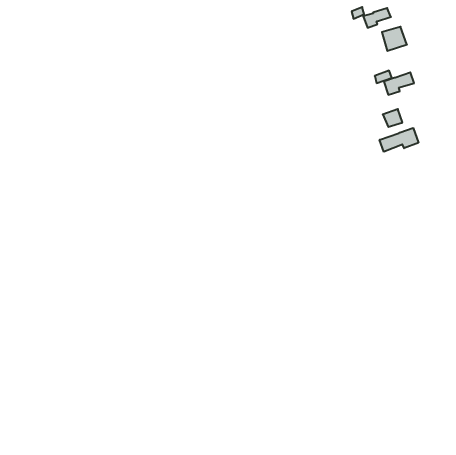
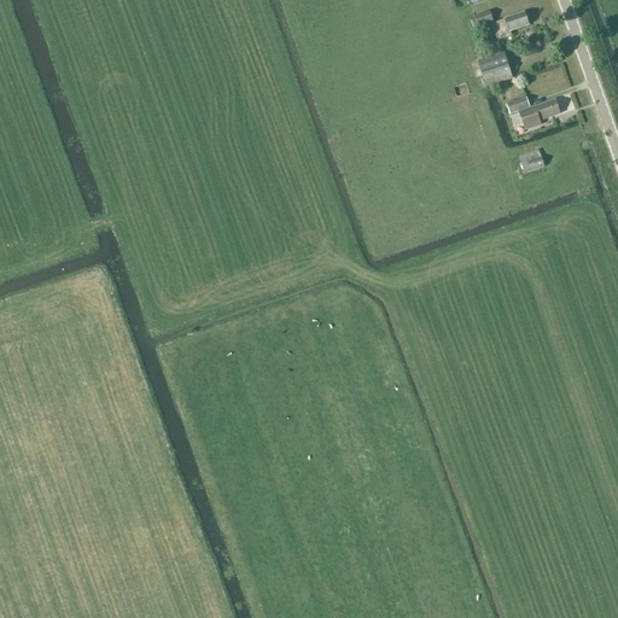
building: [382,27,407,51] -> [478,52,512,84]
building: [380,128,418,152] -> none

